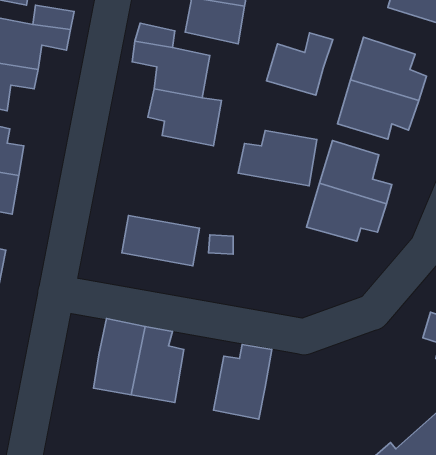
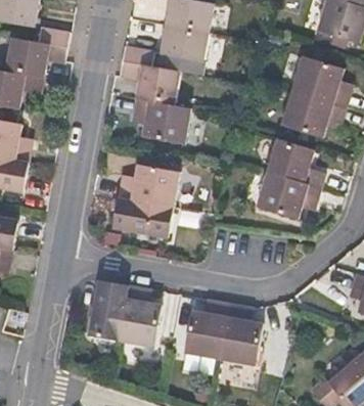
building: [266,33,333,95] -> none
building: [238,130,317,186] -> [115,163,177,207]
building: none -> [218,303,260,364]

